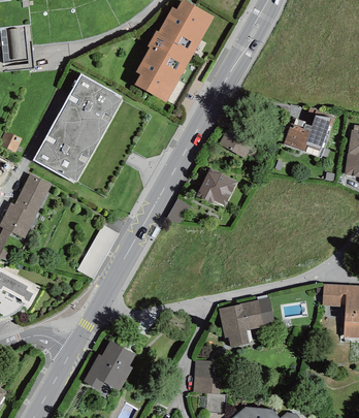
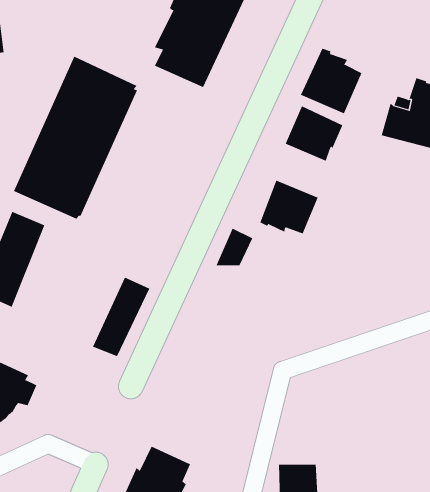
building: none -> [300,48,362,114]
building: [219,297,274,347] -> none

